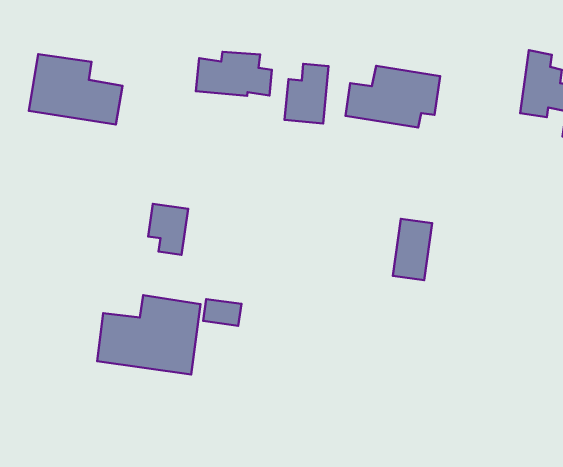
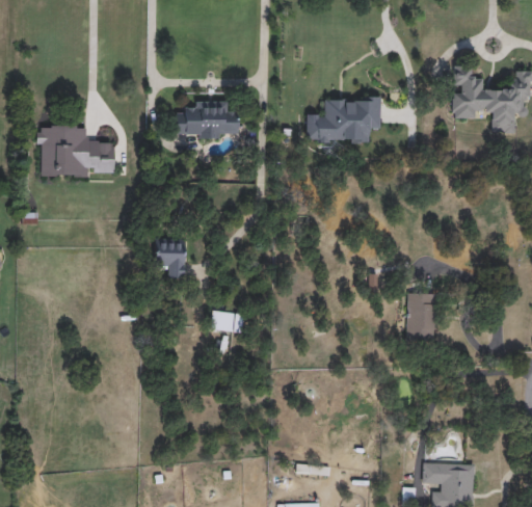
building: [285,64,329,124] -> none
building: [393,219,432,280] -> [407,293,434,342]
building: [97,295,200,374] -> none

